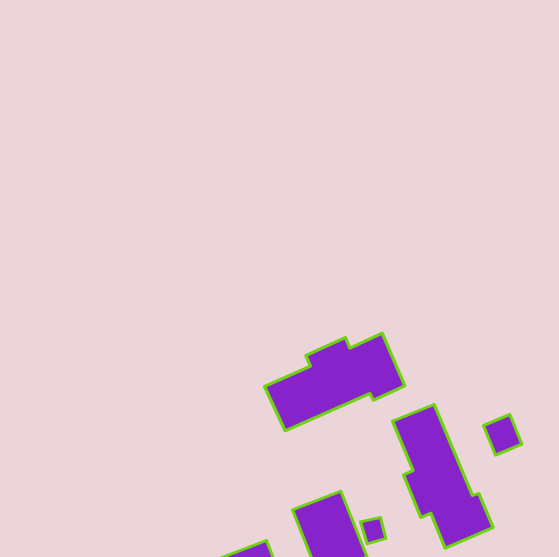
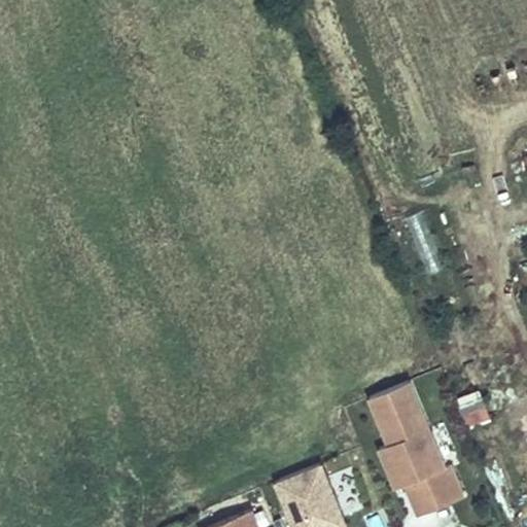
building: [265,333,405,431] -> none

